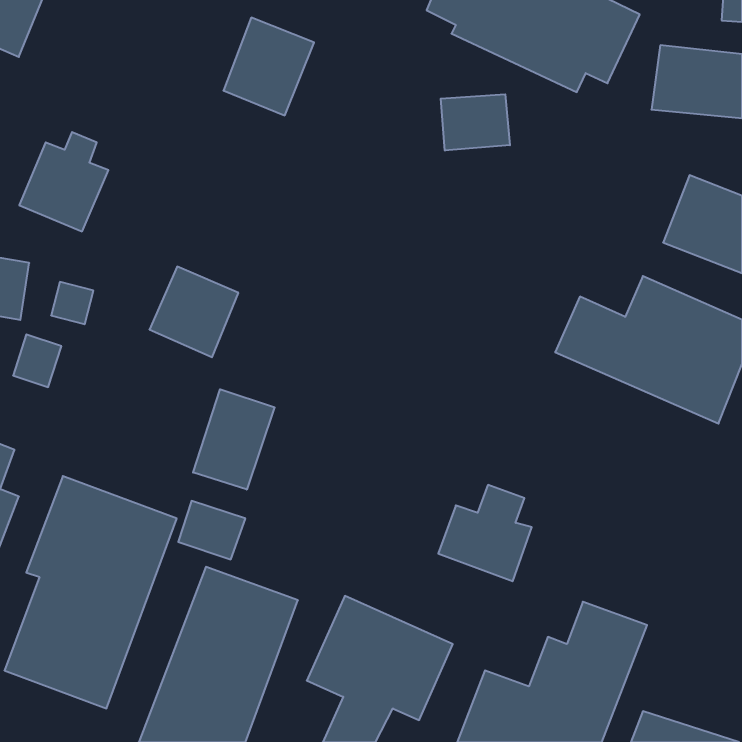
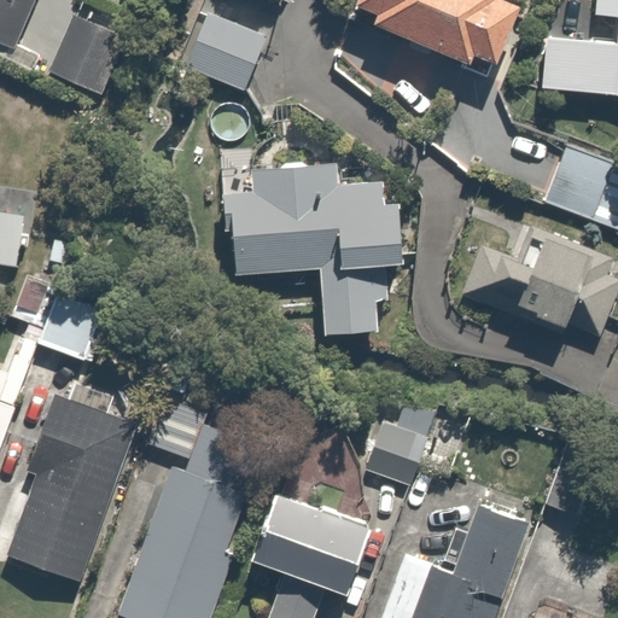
building: [441,94,510,151] -> none
building: [19,132,108,231] -> [47,7,121,89]
building: none -> [225,158,409,336]
building: [149,267,238,357] -> [35,288,109,363]
building: [193,389,275,490] -> none

